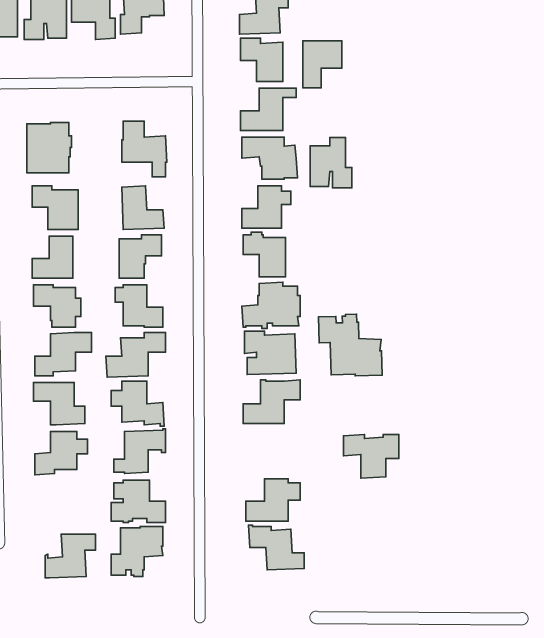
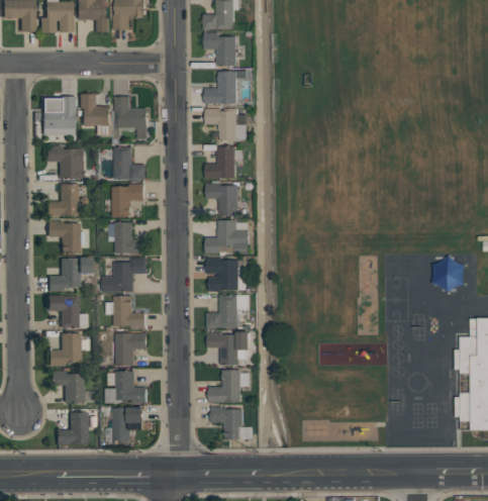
building: [303,41,342,88] -> none
building: none -> [78,94,110,134]
building: [310,138,352,188] -> none
building: [318,314,382,376] -> none
building: [344,435,399,478] -> [208,331,251,365]
building: none -> [50,371,91,403]

